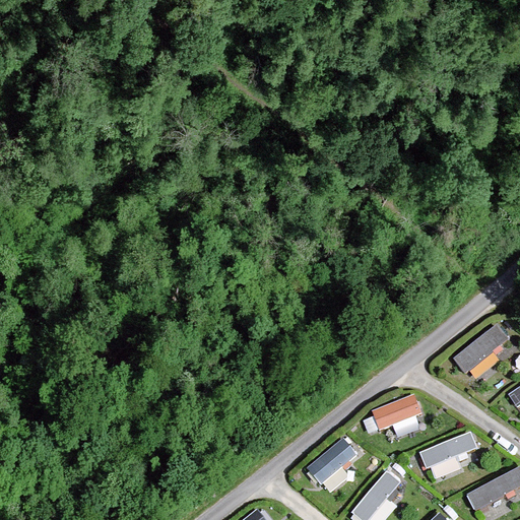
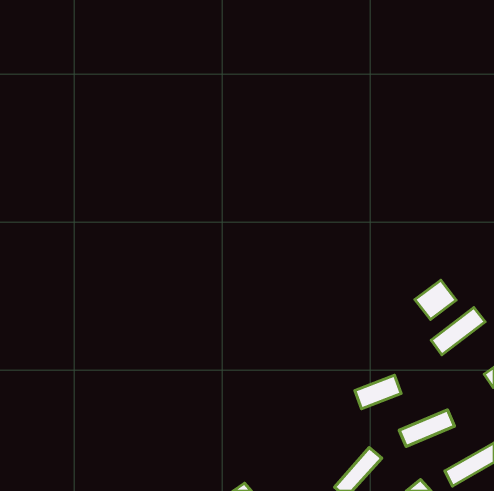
building: none -> [415,280,456,320]
building: [307,438,358,484] -> none

